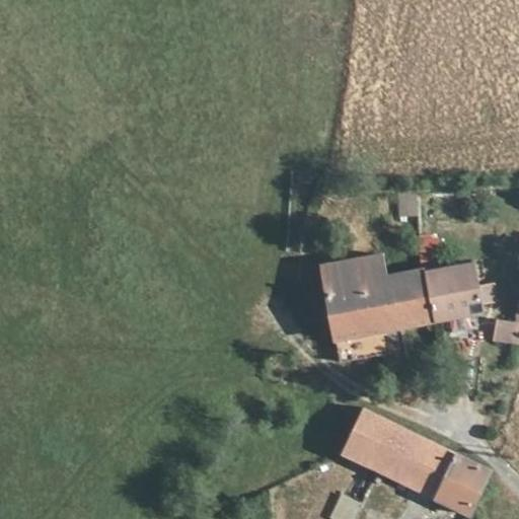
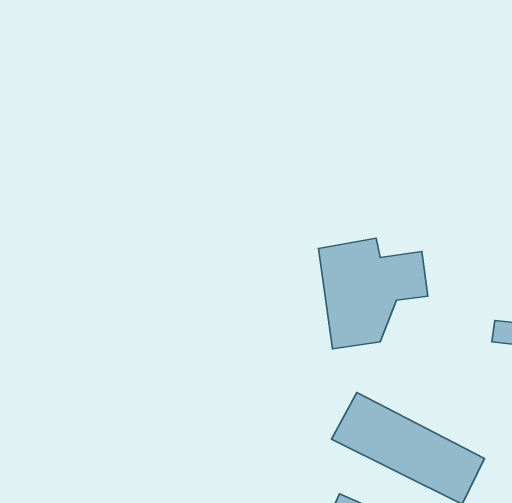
building: [428,260,491,311] -> none

